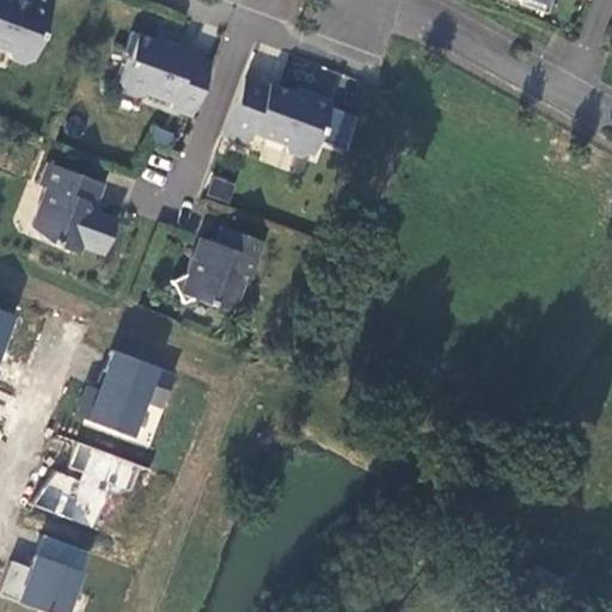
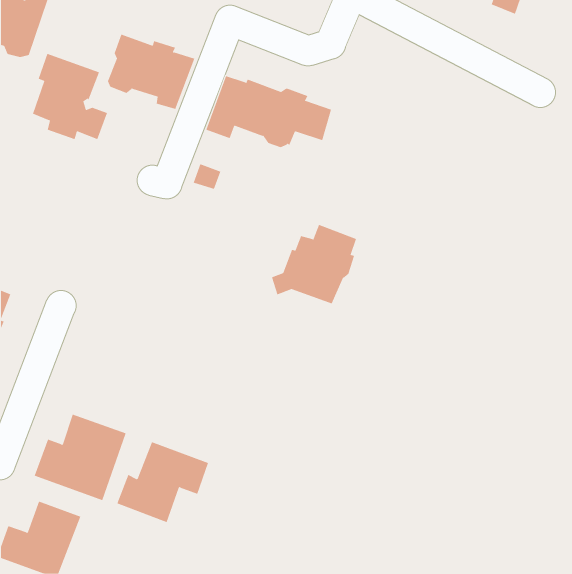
building: [31,164,111,256] -> [32,53,108,140]
building: [171,230,262,314] -> [271,224,357,304]
building: [79,347,177,433] -> [116,442,209,523]

